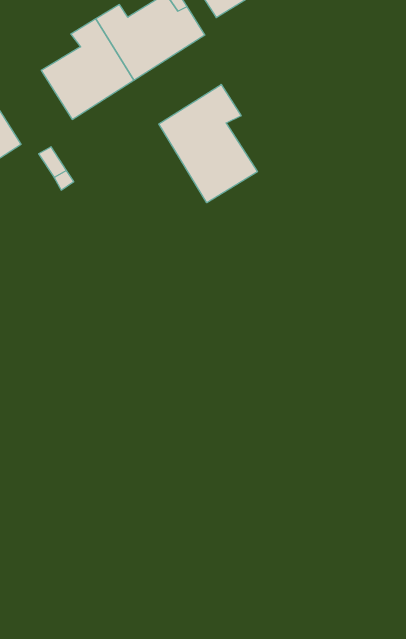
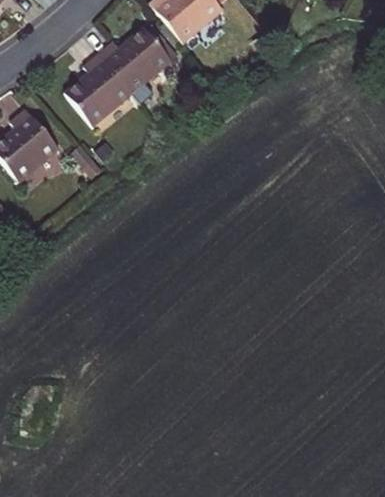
building: [159,84,257,203] -> none

